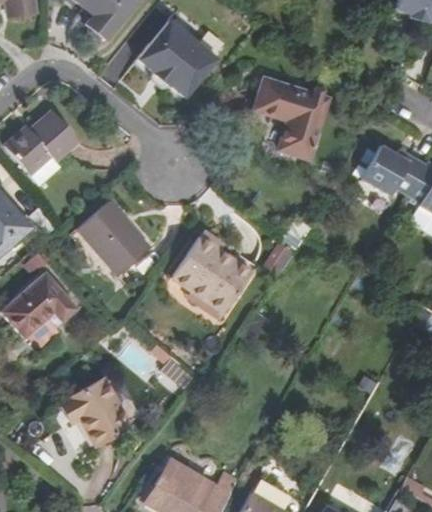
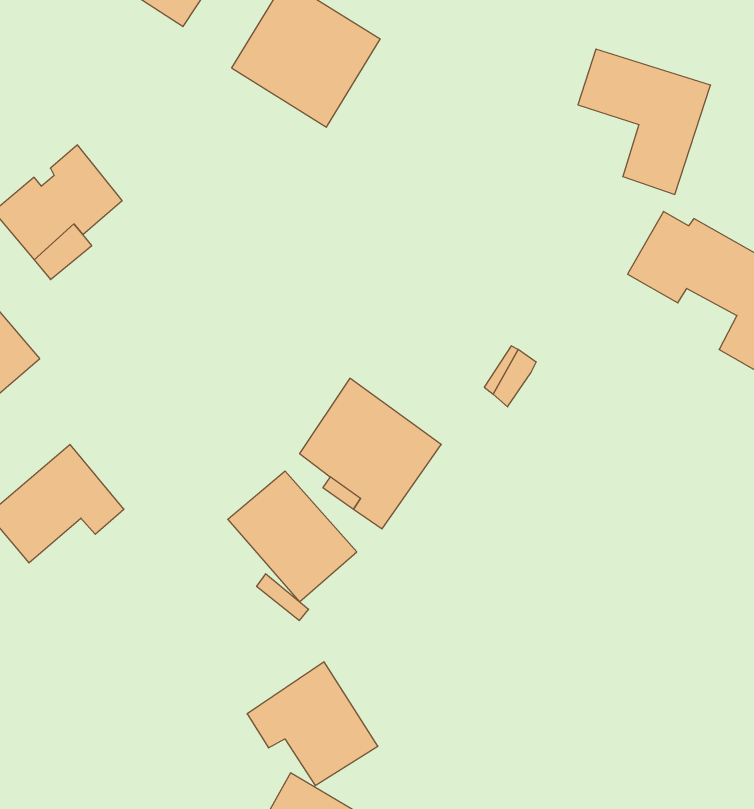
building: [252,79,326,160] -> [578,49,711,194]
building: [78,202,150,275] -> [228,471,357,602]
building: [56,377,129,446] -> [247,662,378,786]

